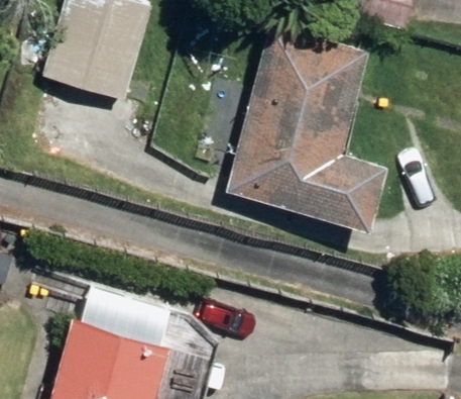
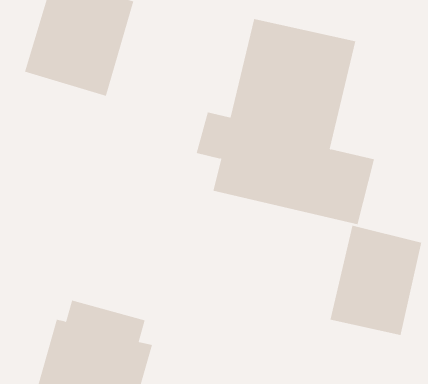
building: none -> [330,225,422,336]

